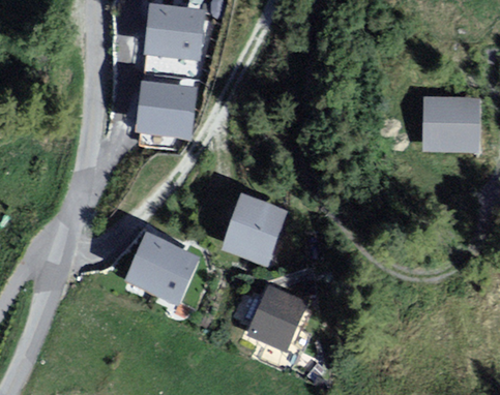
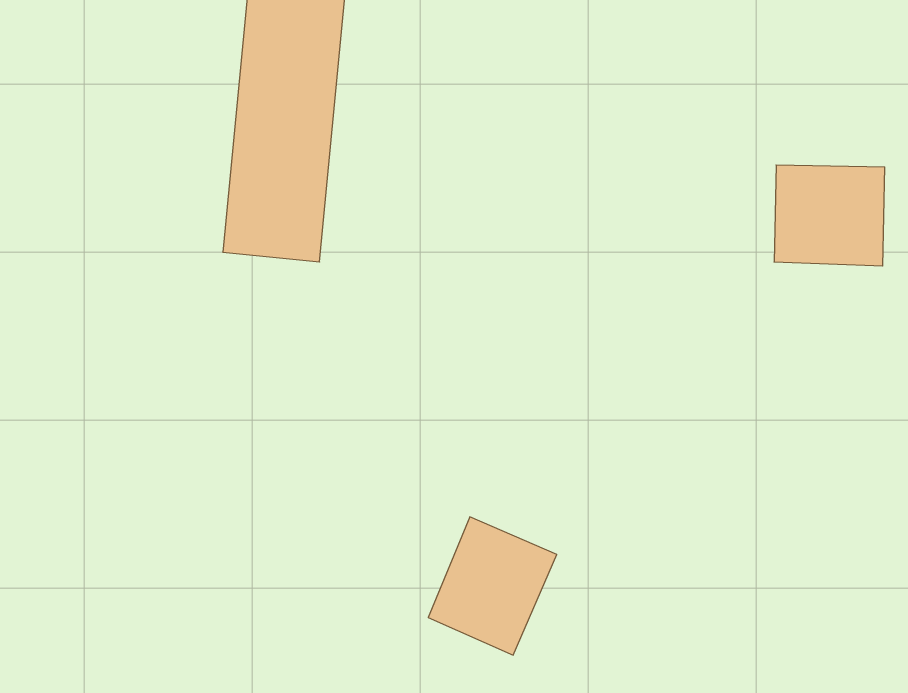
building: [223,195,286,265] -> none
building: [118,229,201,305] -> none

